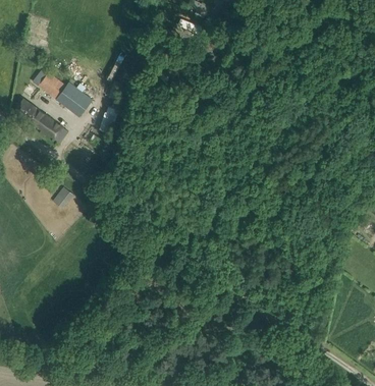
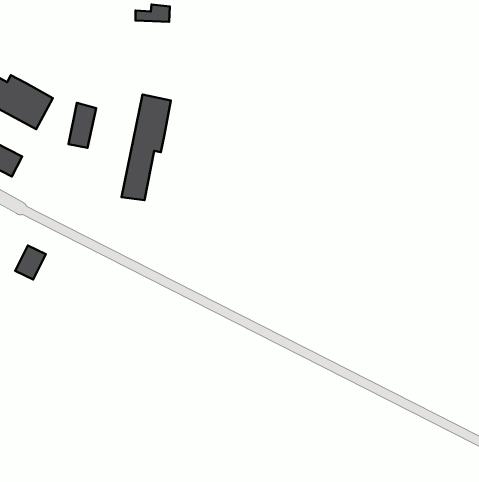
building: none -> [122,95,171,200]

